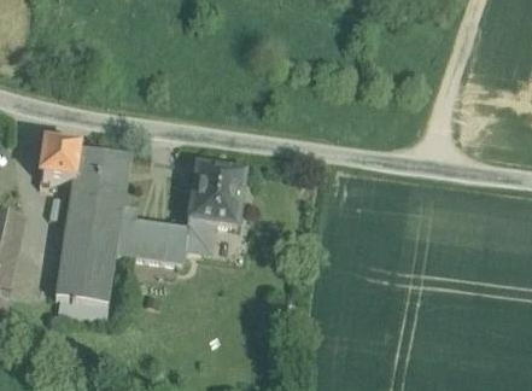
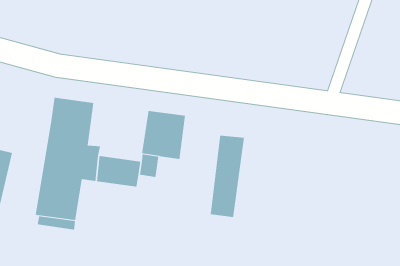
building: [40,140,78,182] -> none
building: none -> [210,135,245,218]

